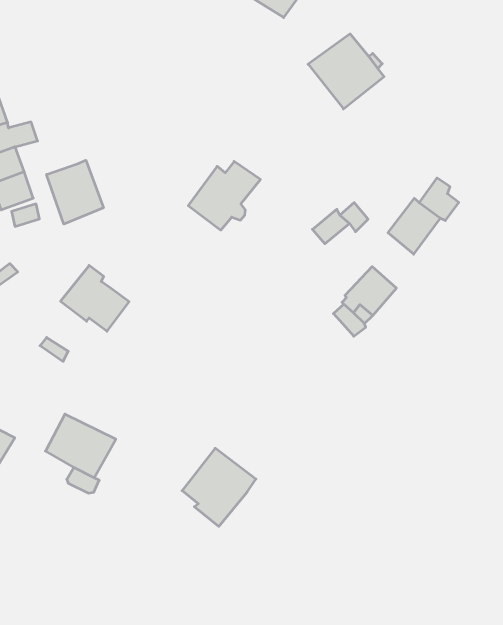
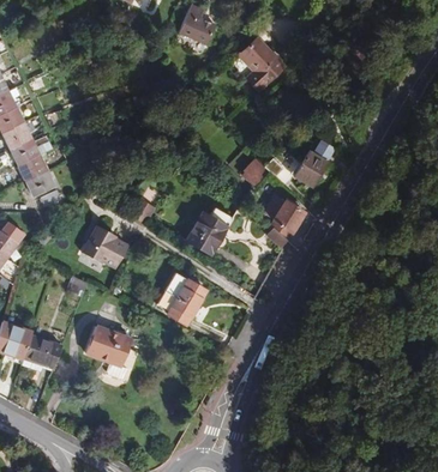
building: [47,160,103,224] -> none
building: [188,161,260,230] -> [186,207,232,254]
building: [182,448,256,526] -> [157,272,205,323]

